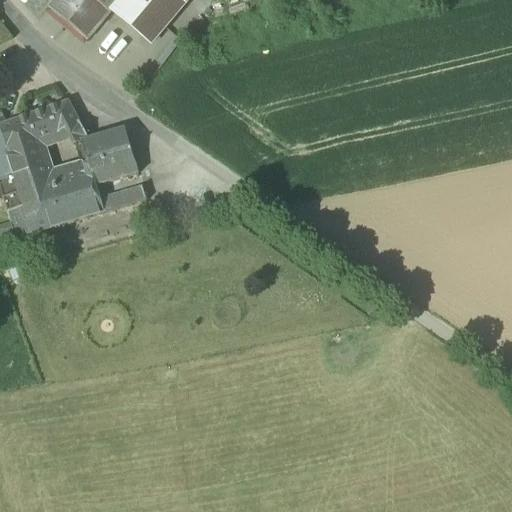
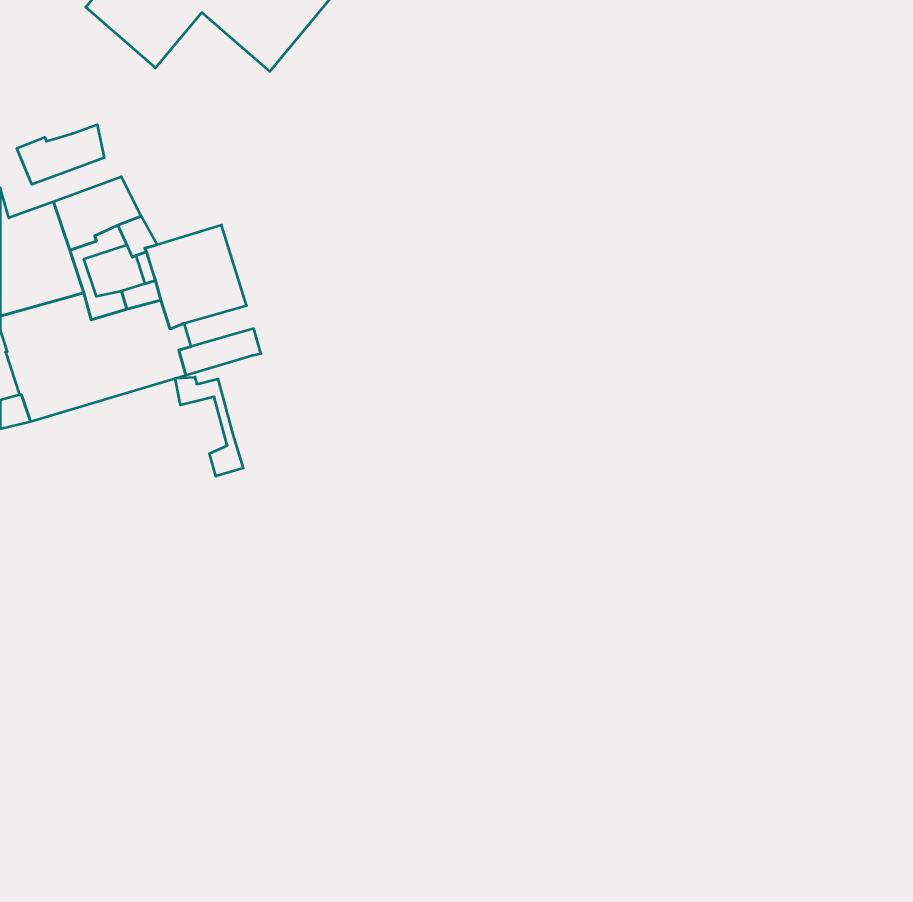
building: none -> [17,125,104,184]
building: none -> [175,377,243,476]

